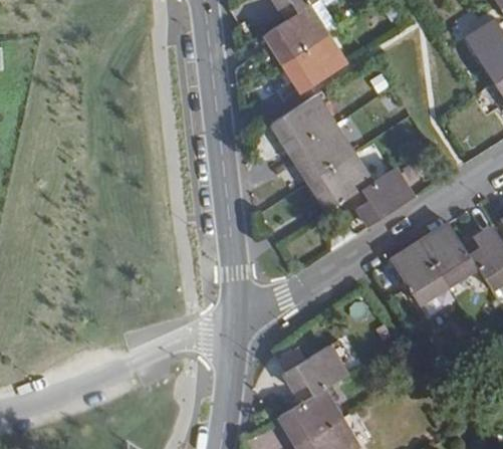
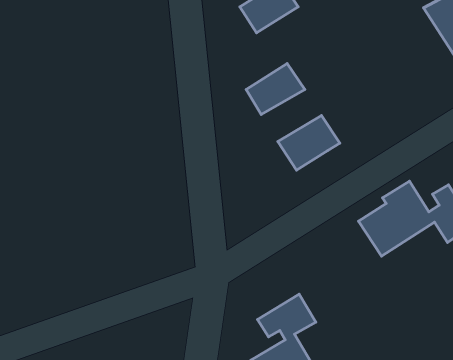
building: [283,34,345,90] -> none
building: [288,124,353,180] -> none
building: [355,169,414,225] -> none

